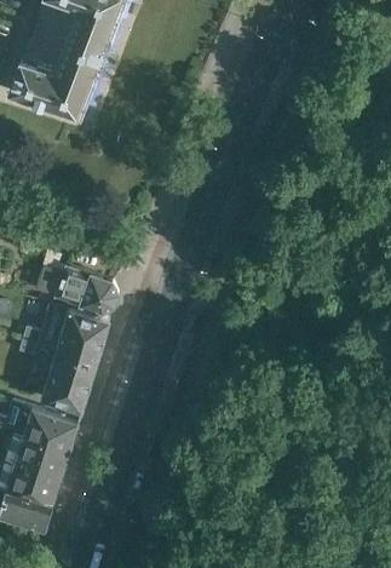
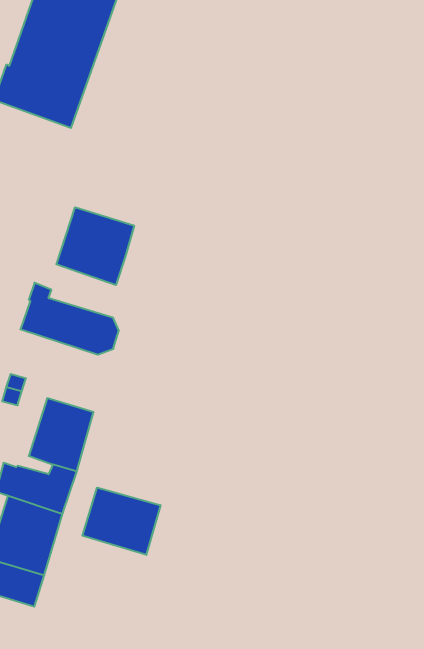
building: none -> [56,207,134,285]
building: [53,305,110,361] -> none
building: none -> [82,488,160,555]

